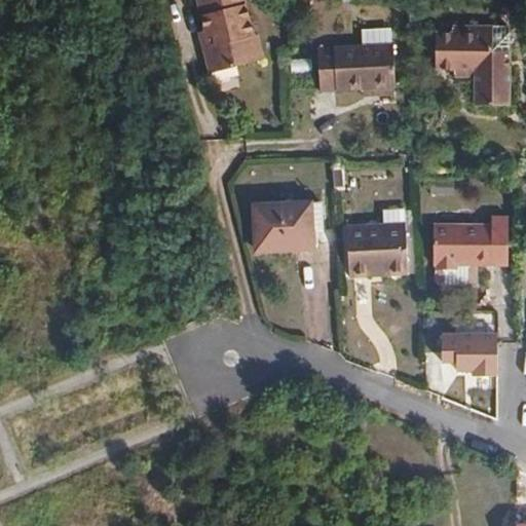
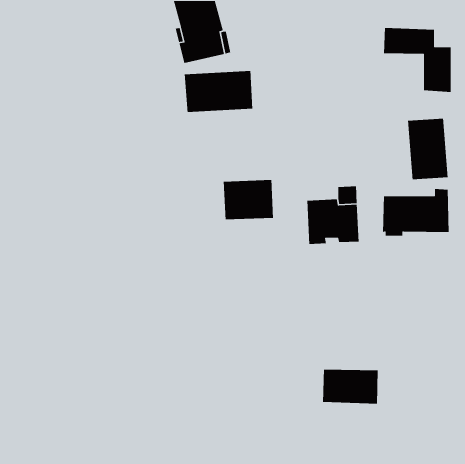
building: [315,44,393,92] -> [184,70,253,113]
building: none -> [407,118,448,180]
building: [442,331,505,371] -> [322,369,379,404]

